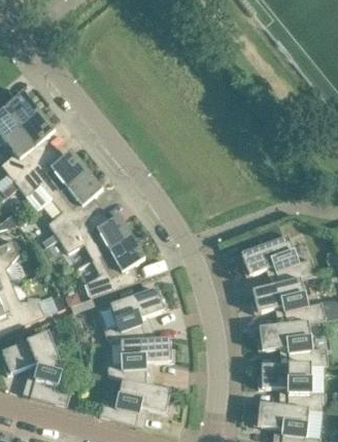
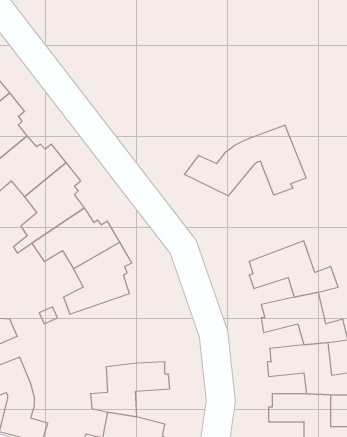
building: none -> [184,125,306,196]
building: [104,285,168,340] -> none

